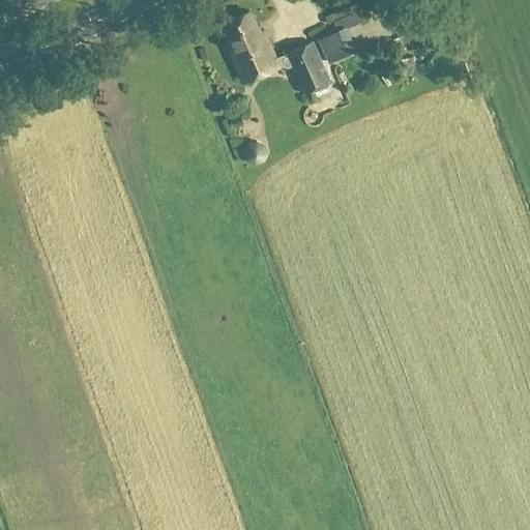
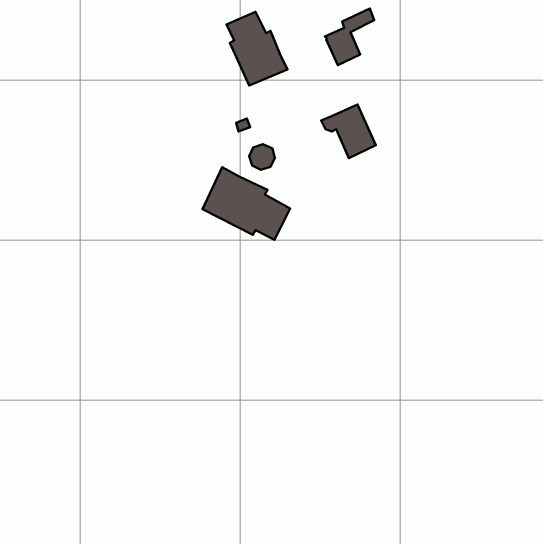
building: [278,41,331,93] -> [321,105,376,158]
building: none -> [202,167,290,240]

